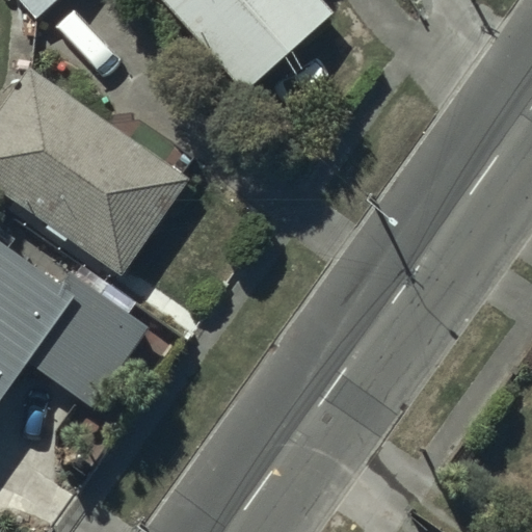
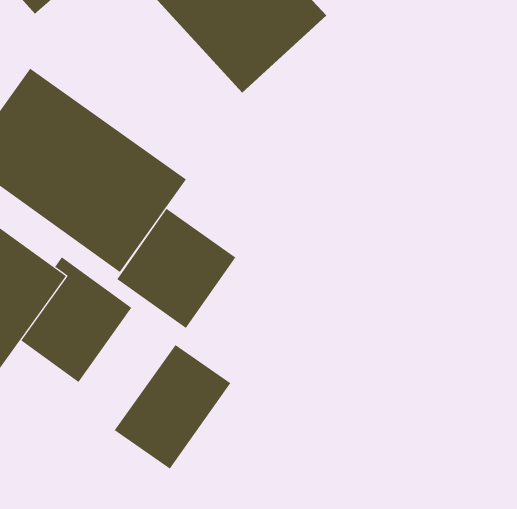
building: none -> [116,208,236,329]
building: none -> [114,344,231,469]

